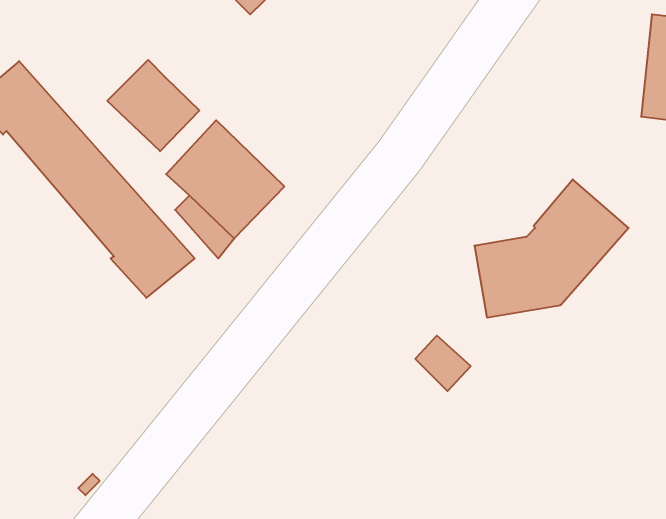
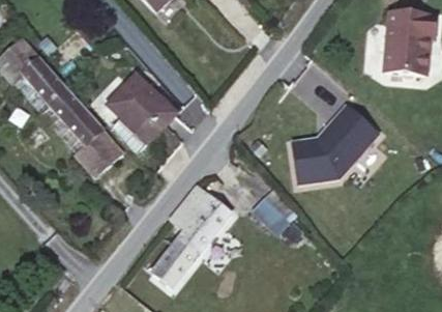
building: [107,60,199,151] -> none
building: none -> [153,183,232,286]

